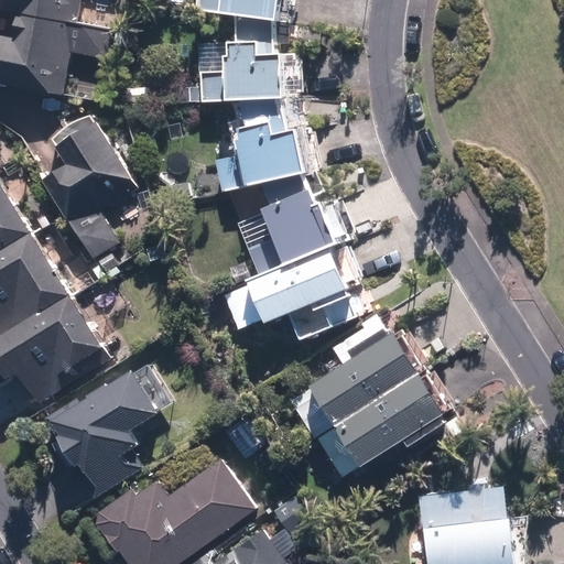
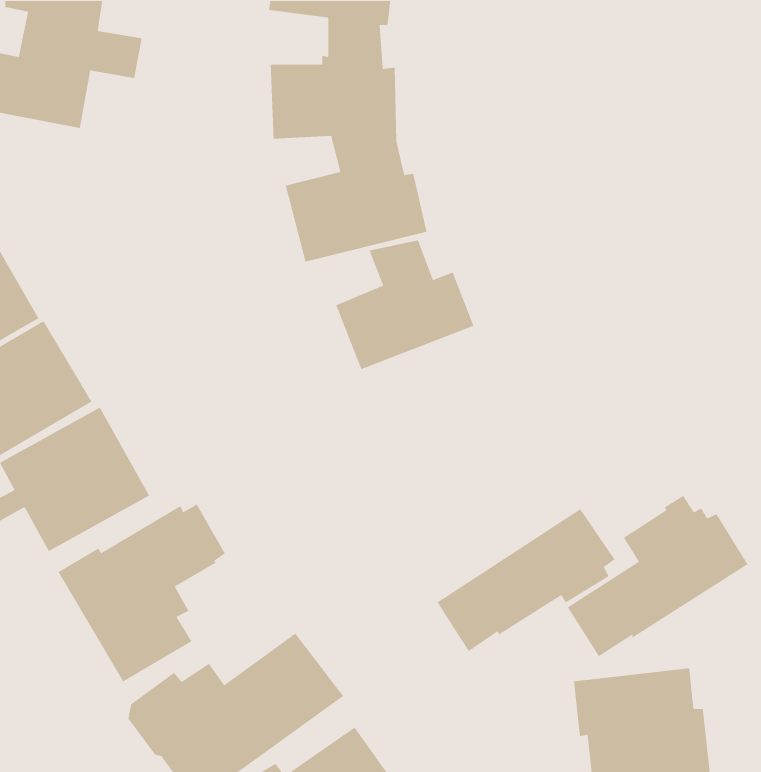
building: [43,124,133,258] -> none
building: [252,246,362,338] -> none
building: [289,318,421,436] -> [567,495,749,657]

